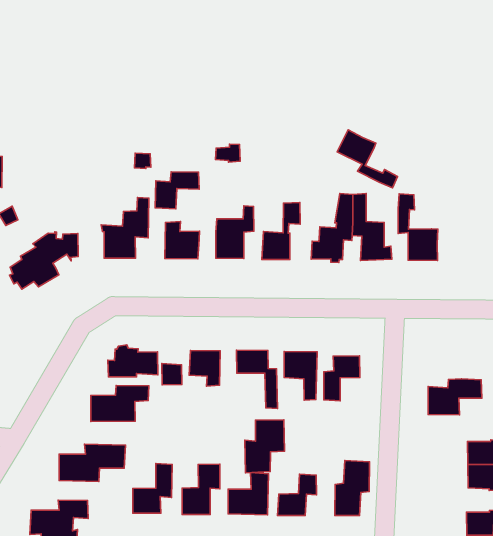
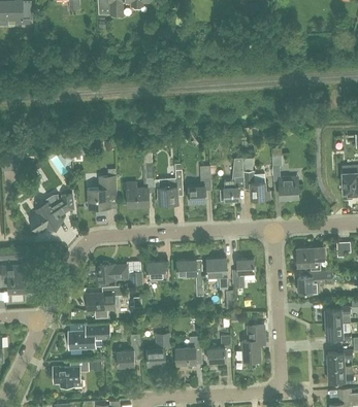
building: [337,130,397,188] -> none
building: [155,172,199,209] -> none
building: none -> [294,247,323,271]
building: [245,420,285,473] -> none

